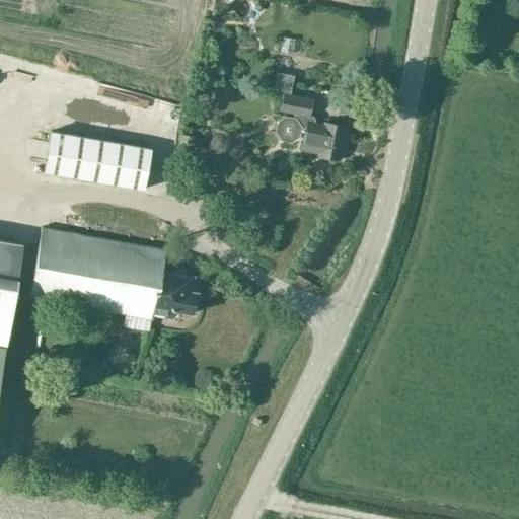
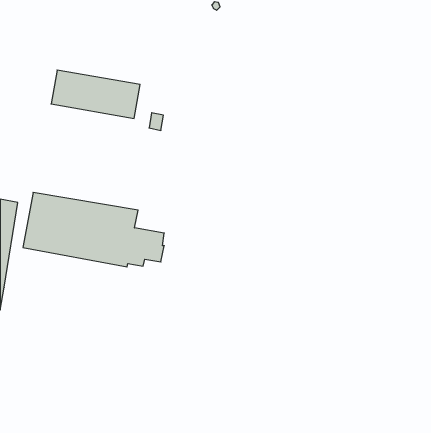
building: [272,92,347,159] -> none
building: [46,132,152,190] -> [51,70,140,118]

